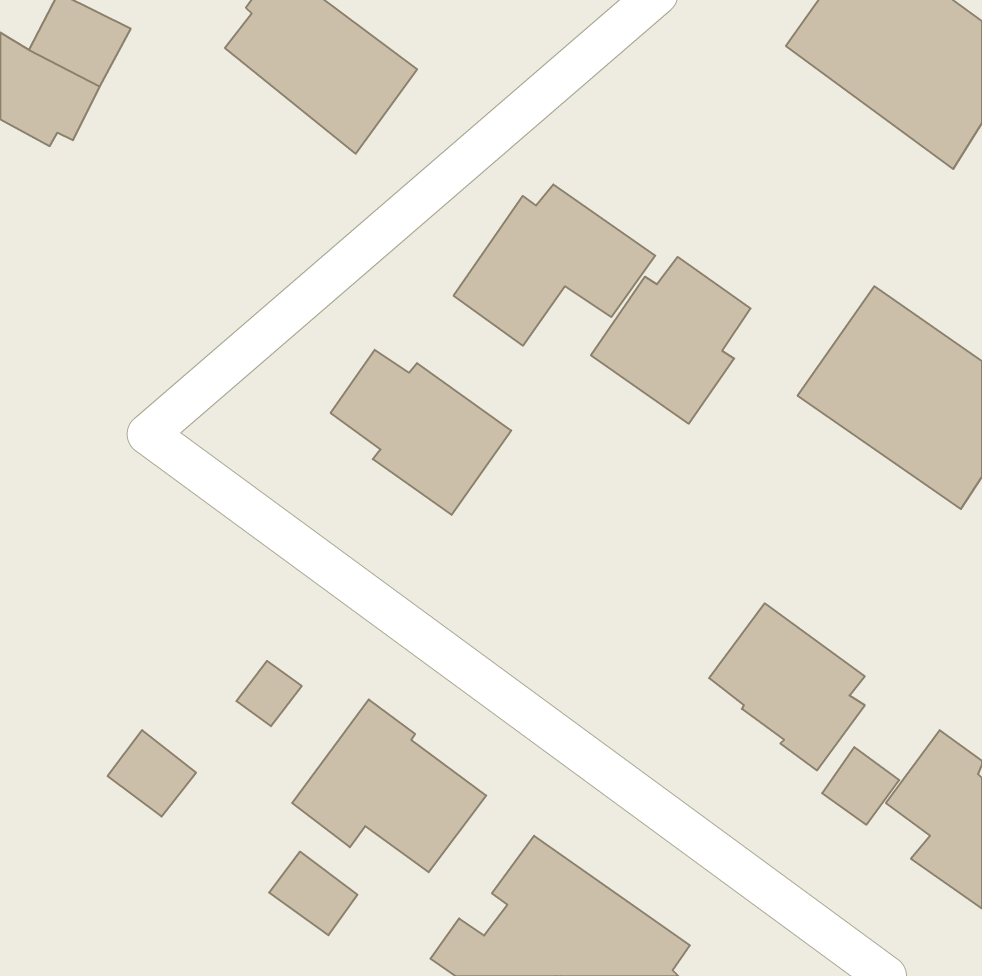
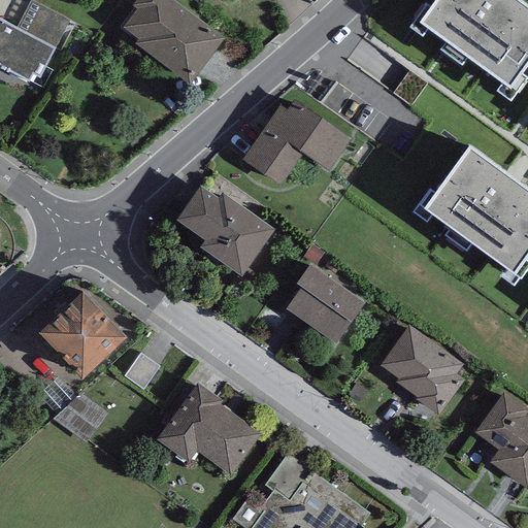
building: [591,257,751,424] -> none
building: none -> [286,264,364,343]
building: none -> [39,292,126,380]
building: [822,747,899,825] -> none
building: [269,852,357,935] -> none

